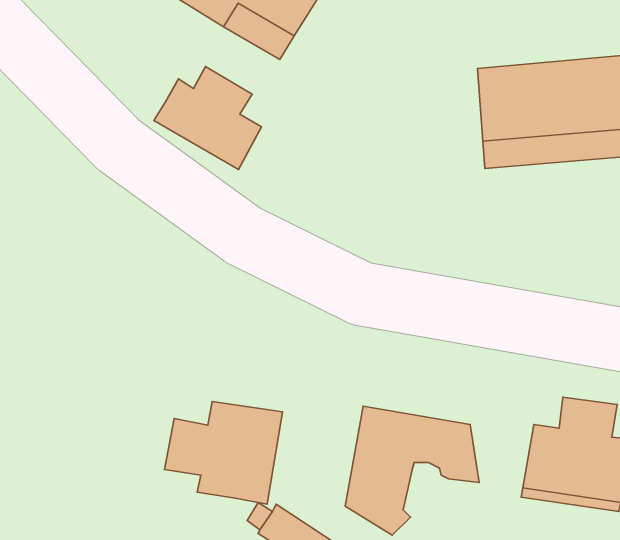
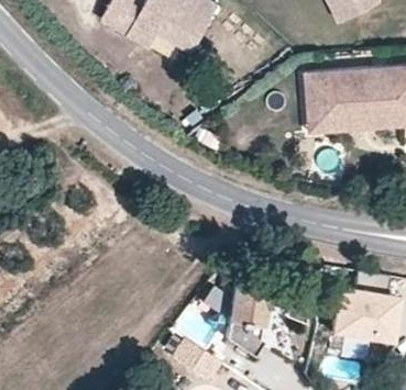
building: [154,67,262,170] -> none
building: [165,401,283,504] -> none

